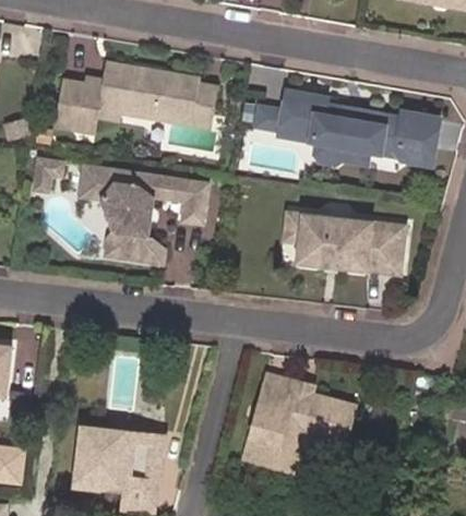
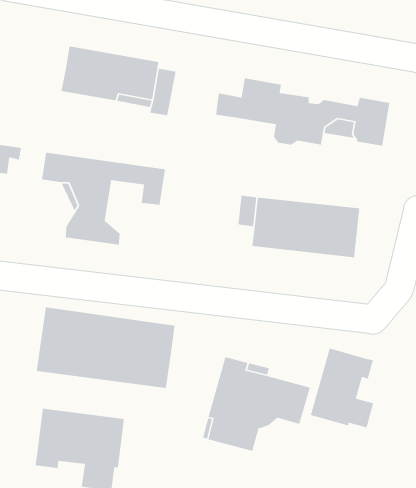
building: [53,75,106,137] -> none
building: none -> [36,306,176,389]
building: none -> [310,347,374,428]

